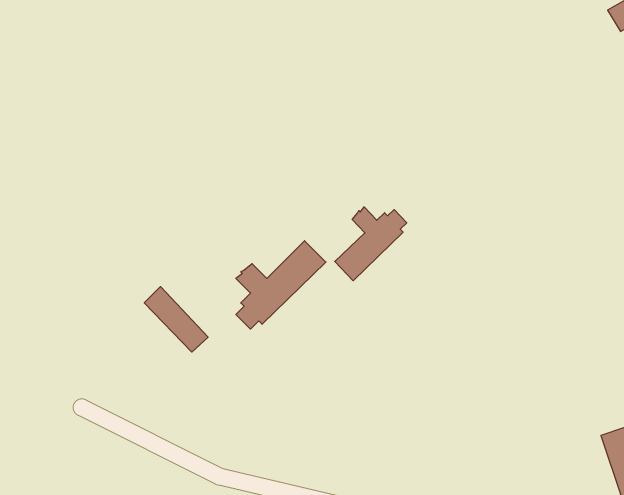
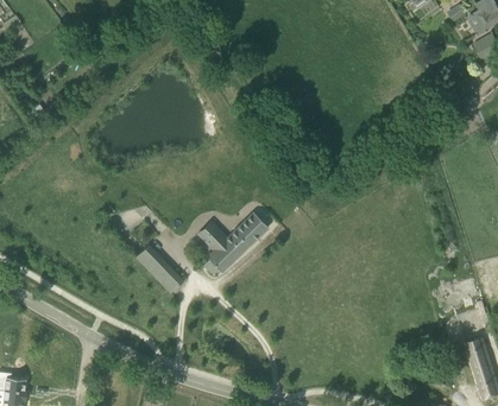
building: [335,207,407,281] -> none

